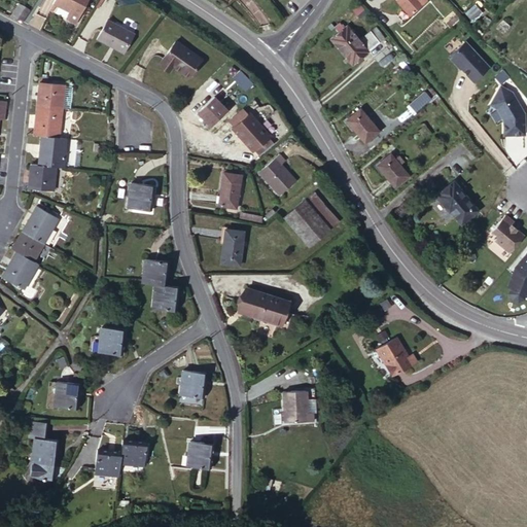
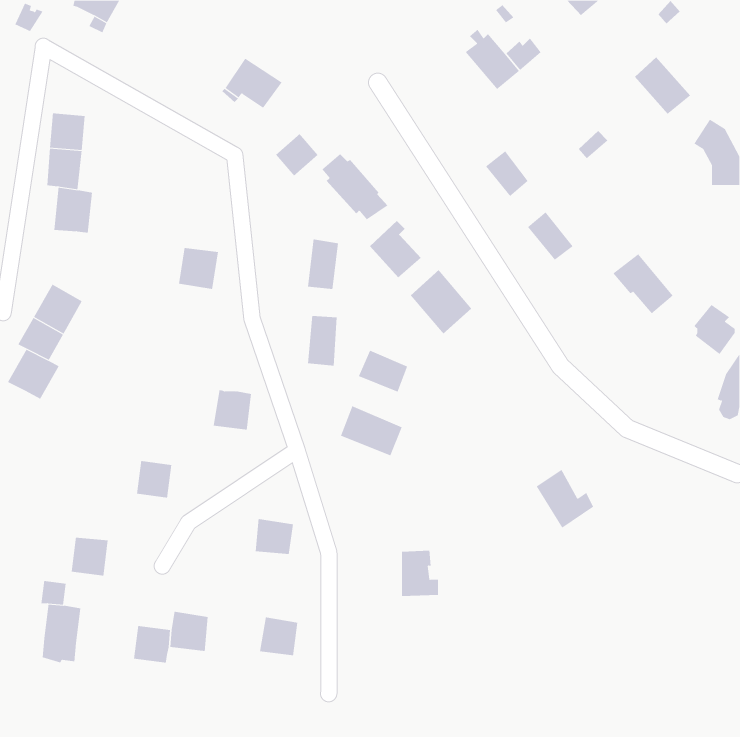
building: [96,22,133,55] -> none
building: [28,165,55,190] -> none
building: none -> [358,350,408,392]
building: [143,254,170,280] -> none

